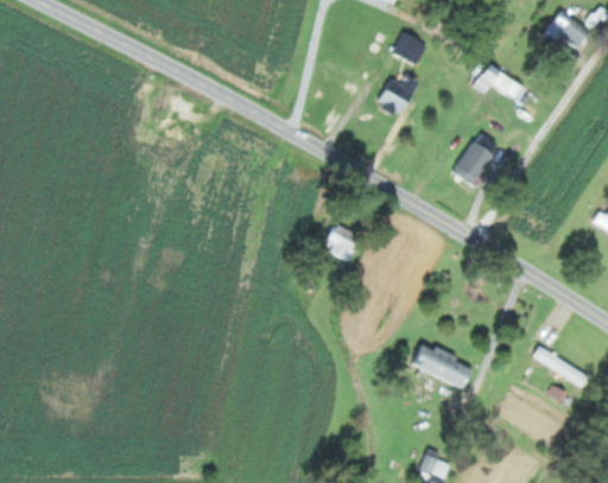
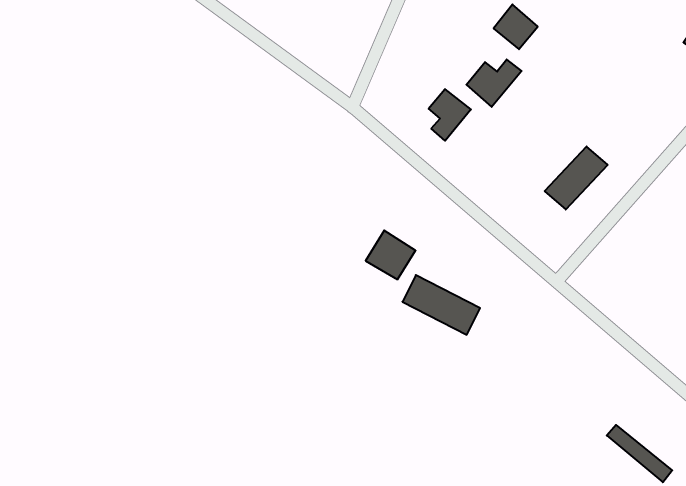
building: [471,63,525,101] -> none
building: none -> [429,89,471,141]
building: [412,345,474,386] -> [402,275,480,335]

